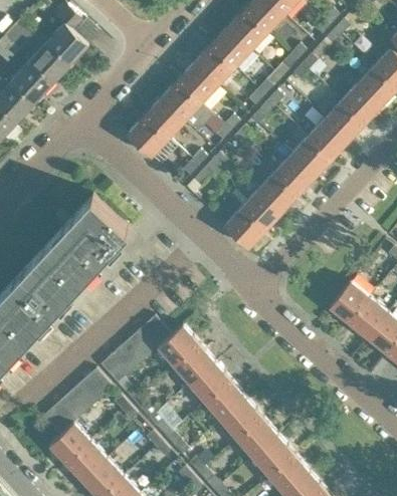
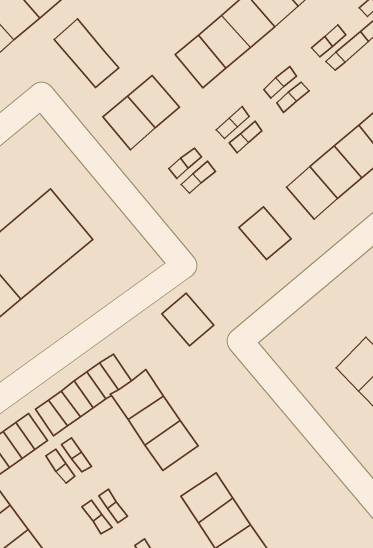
building: [161,81,213,133] -> [54,19,119,87]
building: [258,174,299,213] -> none
building: [224,209,265,249] -> [162,293,214,346]
building: [204,381,245,421] -> none

